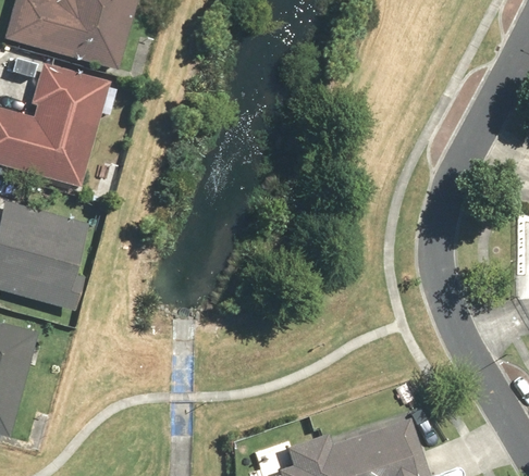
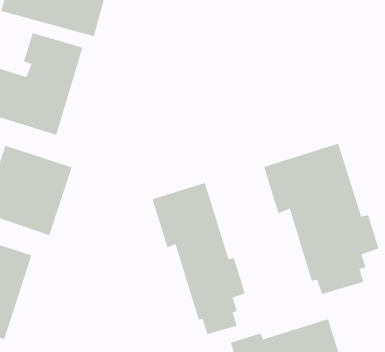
building: none -> [263,143,379,295]
building: none -> [152,182,245,335]

